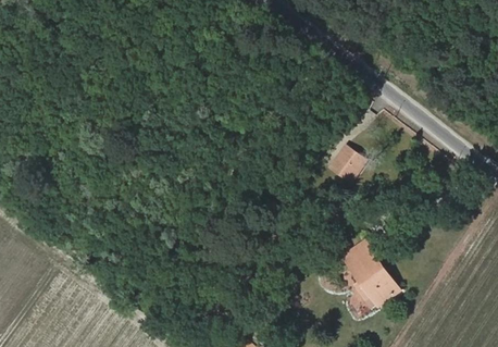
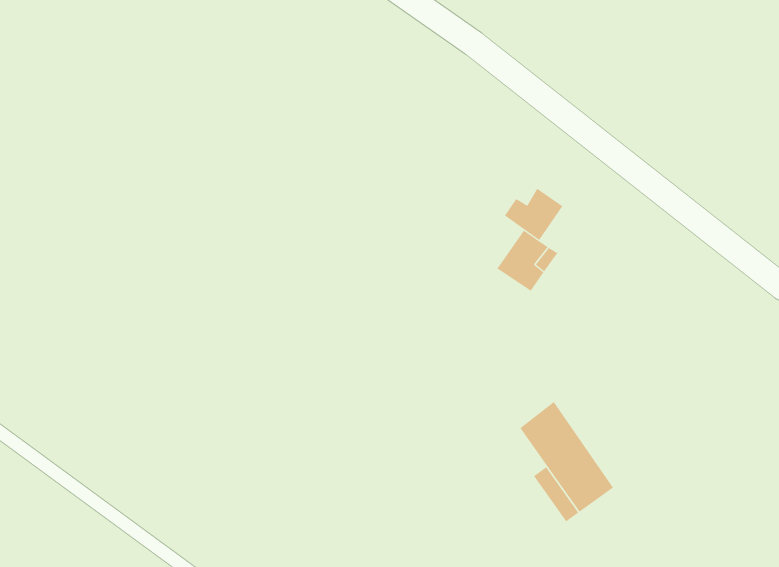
building: none -> [504,188,563,241]

